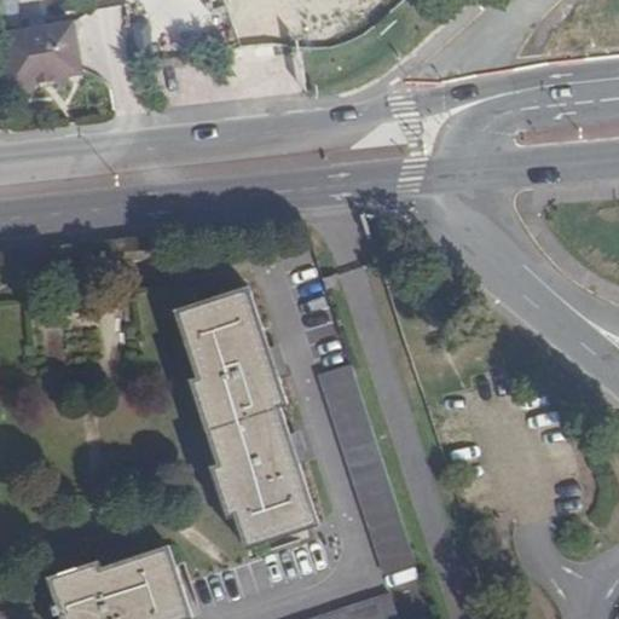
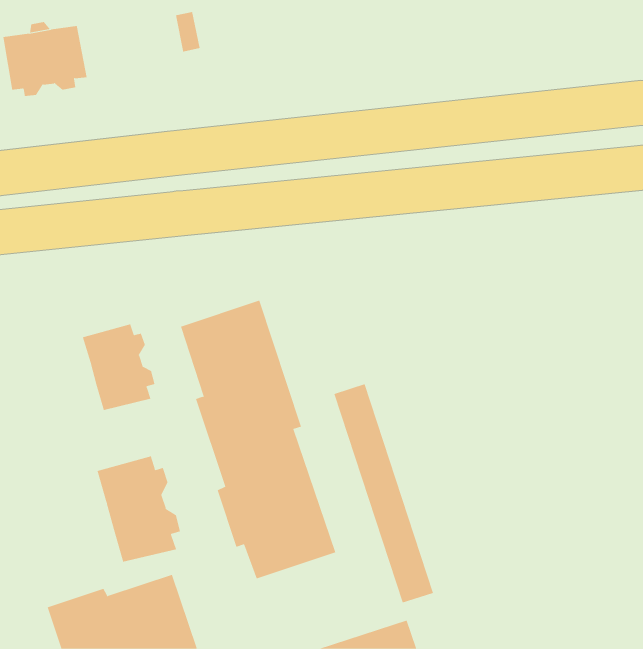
building: none -> [82,323,155,411]
building: none -> [97,456,181,562]

